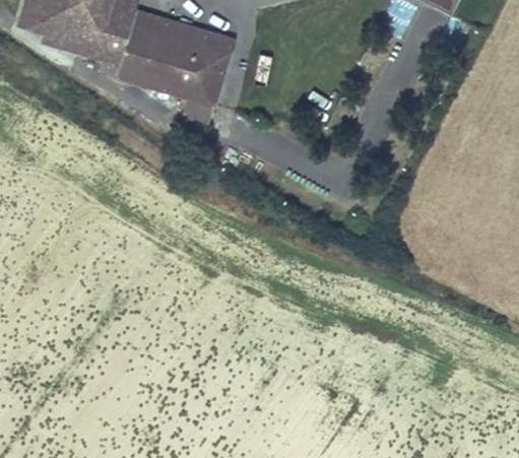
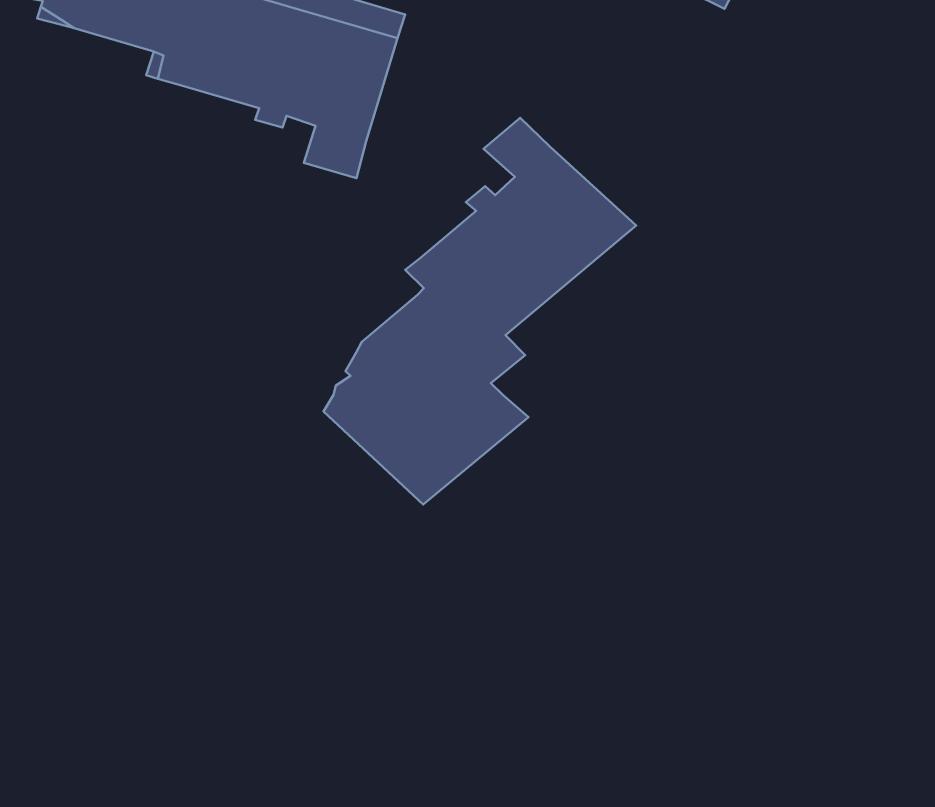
building: none -> [324,118,636,504]

